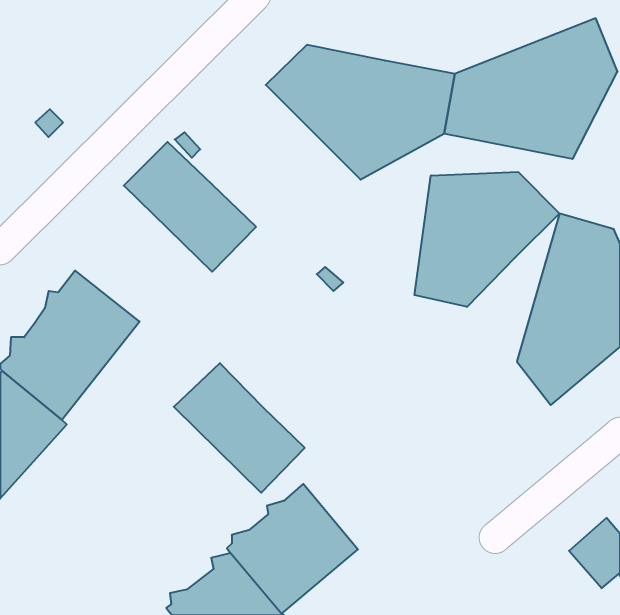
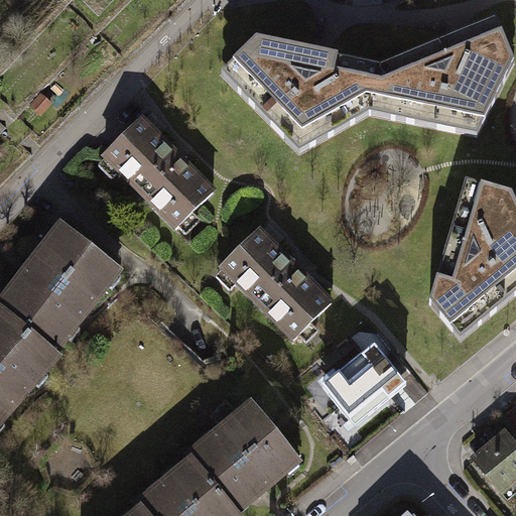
building: [414,172,559,307] -> none
building: [174,363,305,493] -> [221,229,330,337]
building: none -> [321,341,407,424]

